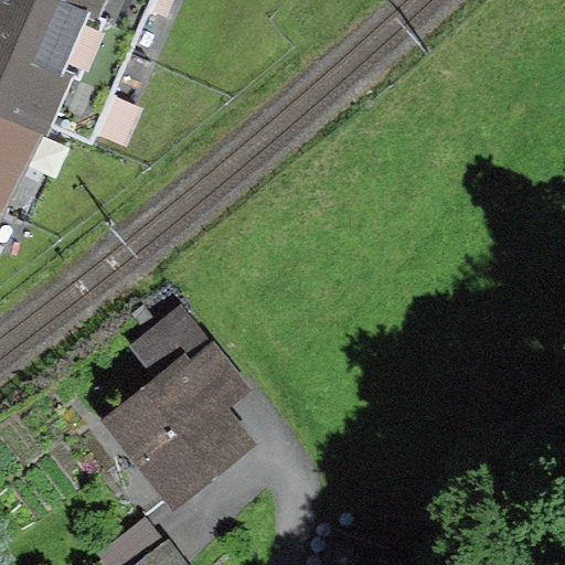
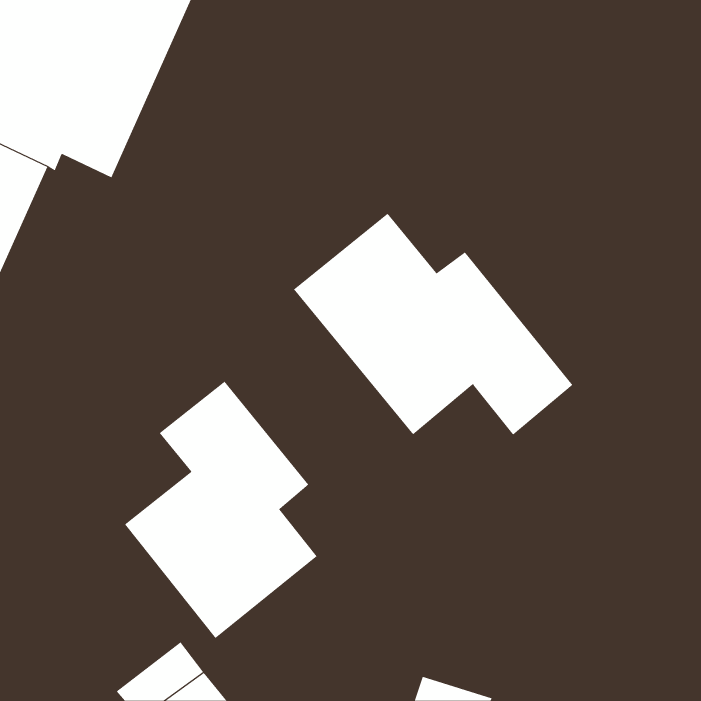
building: none -> [293,213,573,435]

